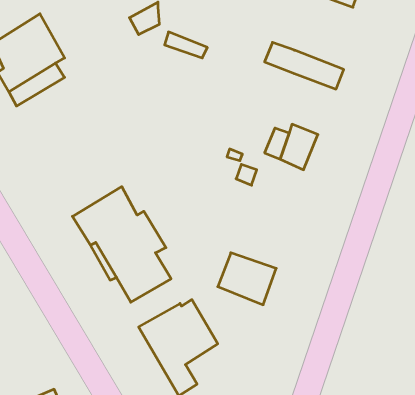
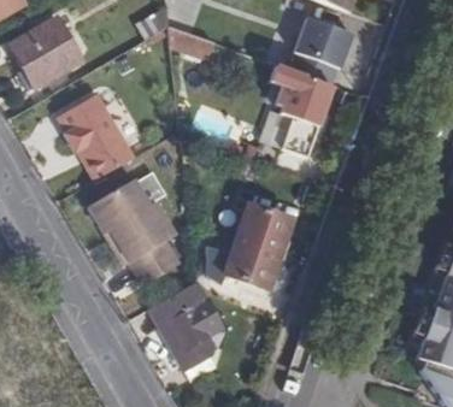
building: none -> [295,16,354,69]
building: none -> [278,72,334,129]
building: none -> [58,90,136,179]
building: none -> [236,202,292,253]

